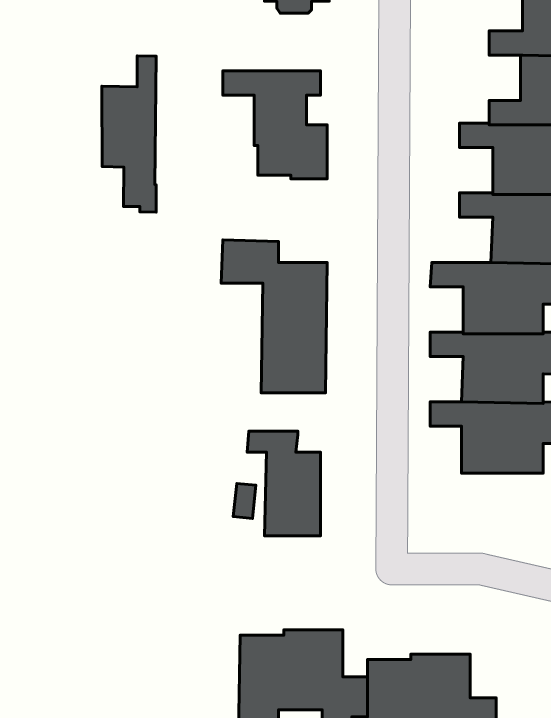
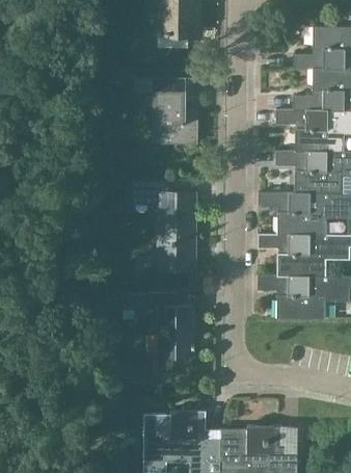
building: [102,56,156,212] -> none

